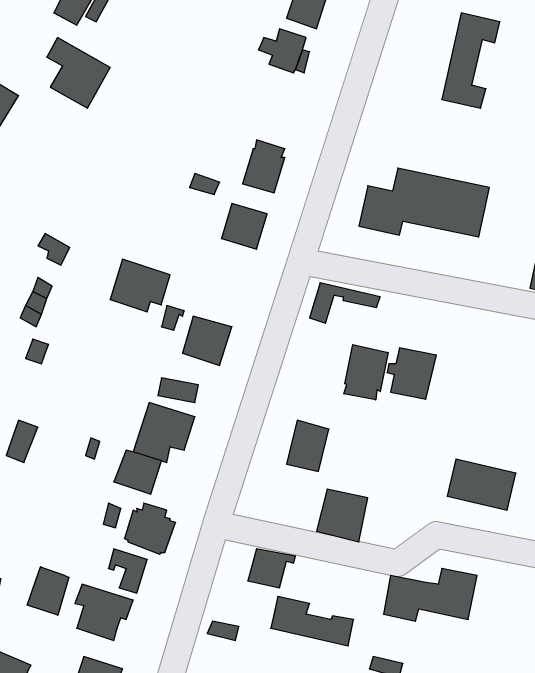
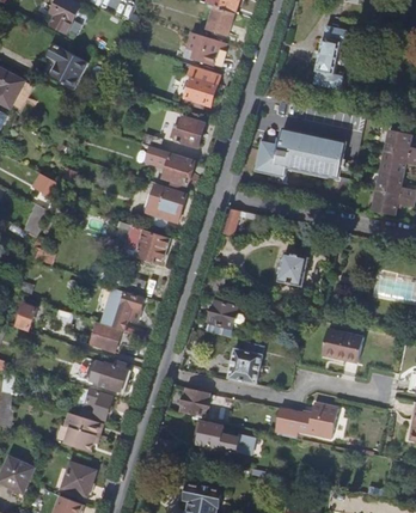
building: none -> [183,65,220,106]
building: [110,259,170,312] -> [145,184,185,220]
building: [344,345,388,400] -> none
building: [27,567,69,615] -> none

